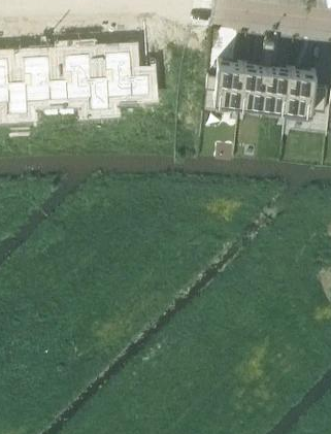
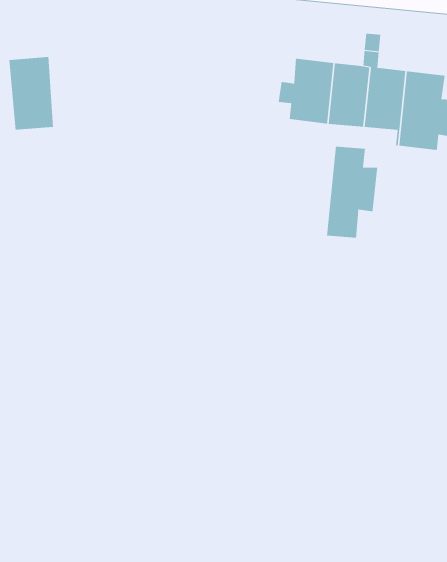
building: [111,54,140,101] -> none
building: [71,56,100,104] -> none
building: none -> [327,146,378,239]

